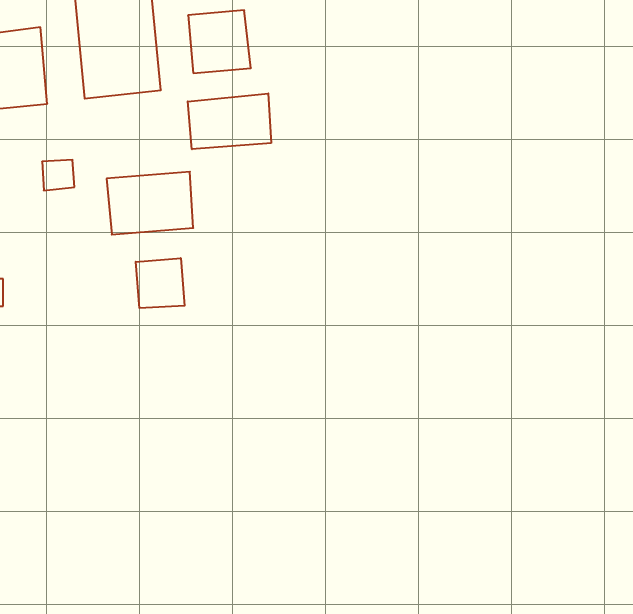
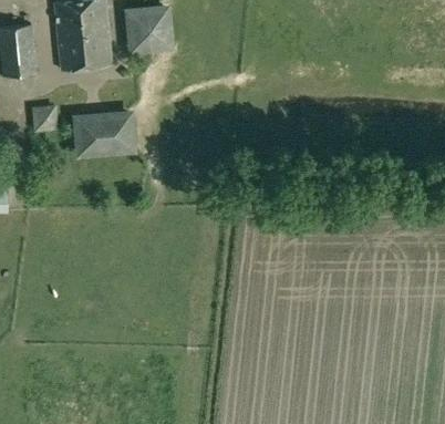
building: [188,93,271,149] -> none
building: [136,258,185,308] -> none

